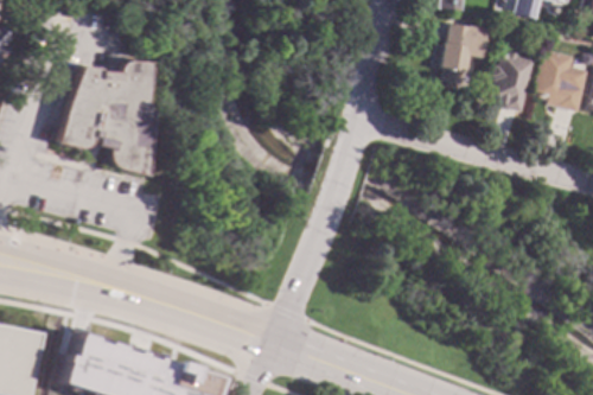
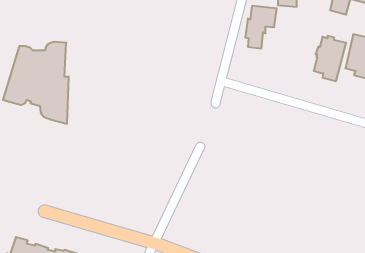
building: [444,25,487,84] -> [245,6,277,49]

